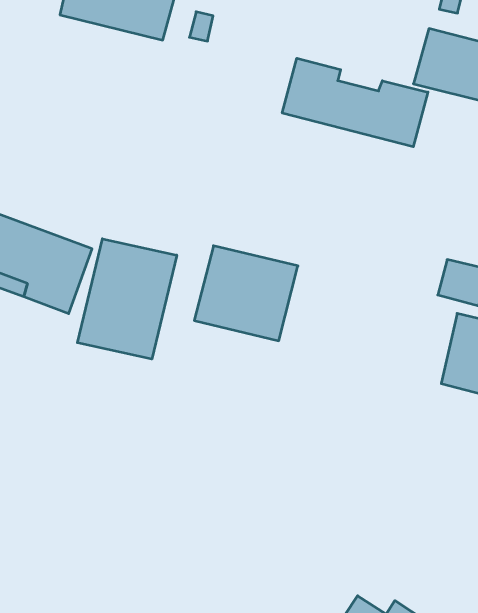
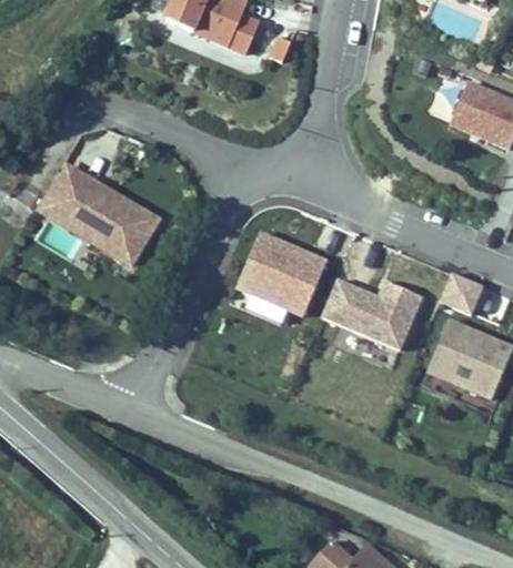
building: [282,58,428,147] -> none
building: [77,239,177,359] -> none
building: none -> [321,278,421,348]

